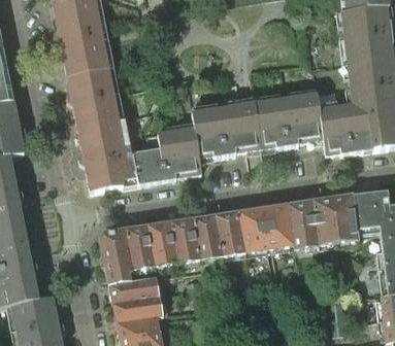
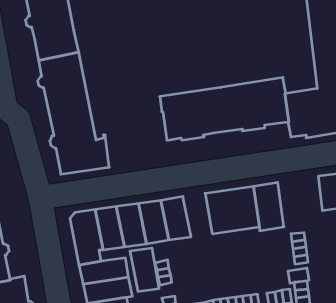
building: [135,128,201,184] -> none
building: [311,194,358,245] -> none
building: [215,211,244,255] -> [130,248,159,291]

